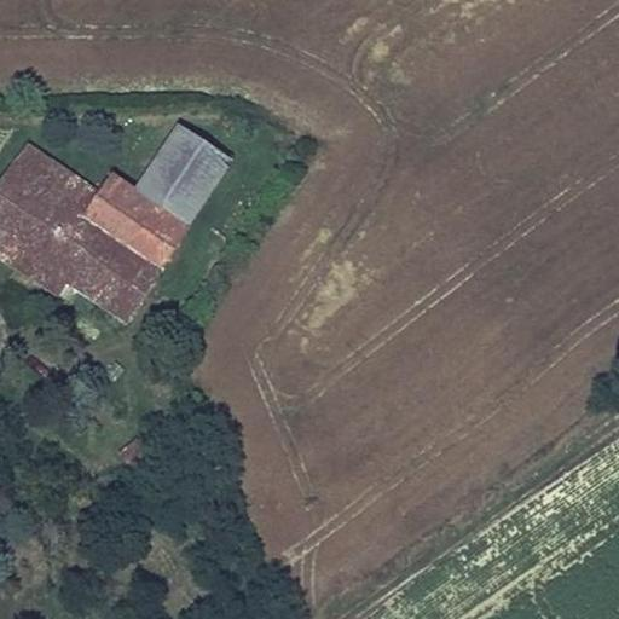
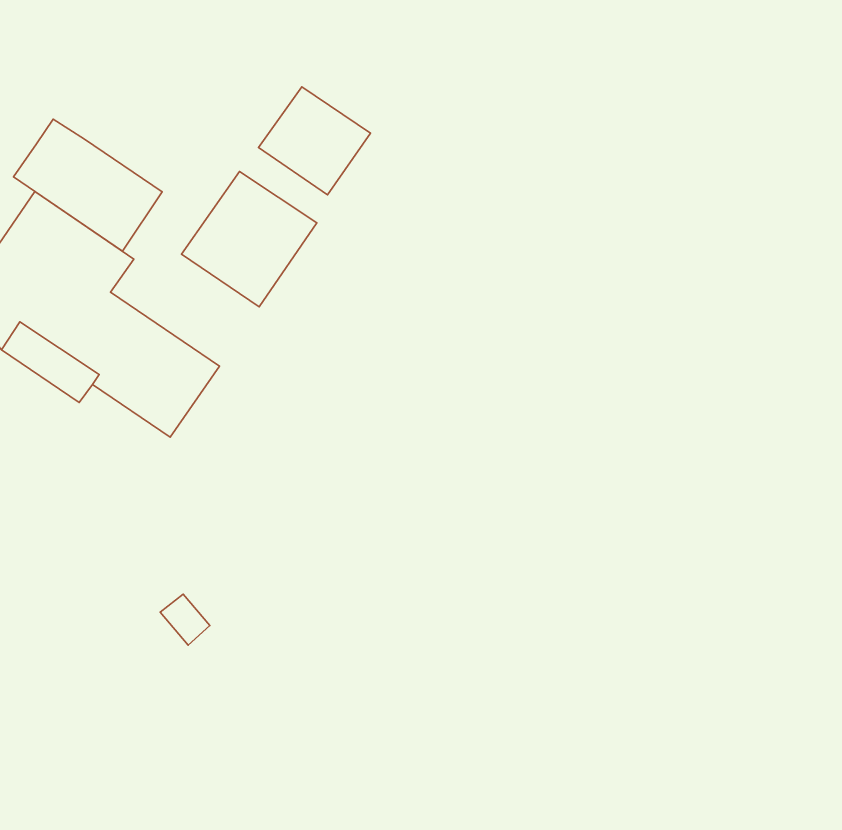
building: none -> [258,87,370,195]
building: [81,172,190,268] -> [13,119,162,251]

